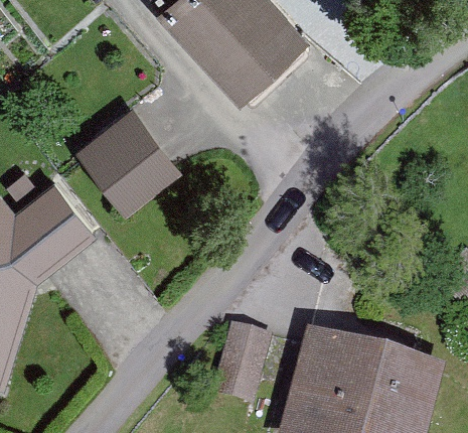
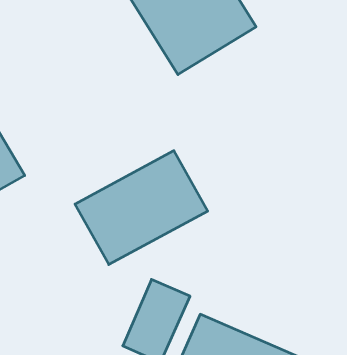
building: [73,111,175,211] -> none
building: none -> [75,151,208,265]

